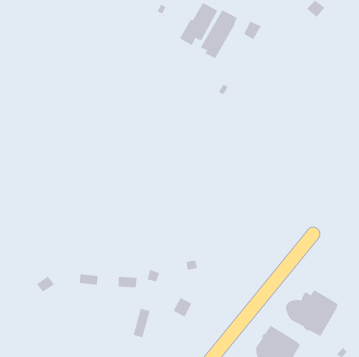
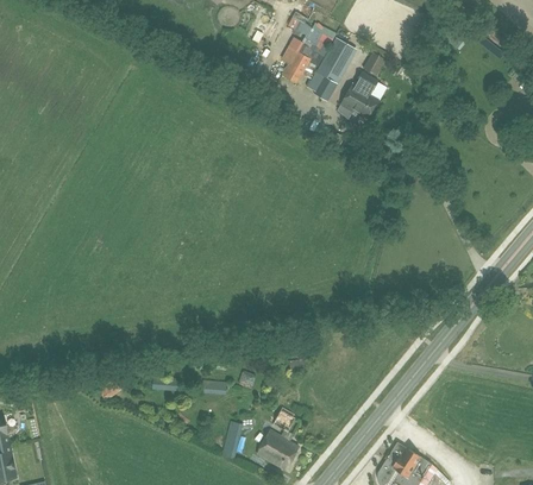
building: none -> [339,71,378,119]
building: [285,290,338,337] -> none
building: none -> [256,430,297,470]

